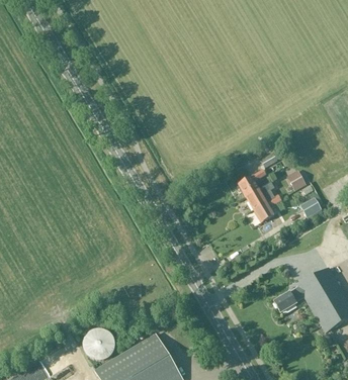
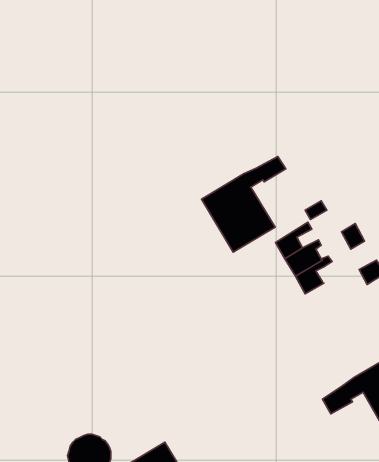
building: none -> [202,156,286,252]

